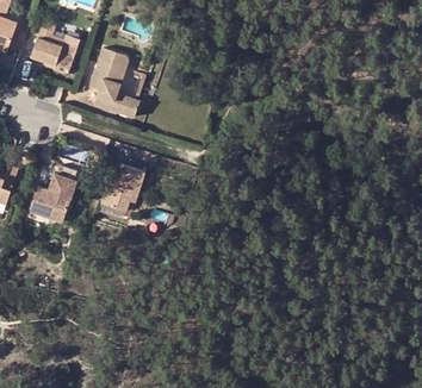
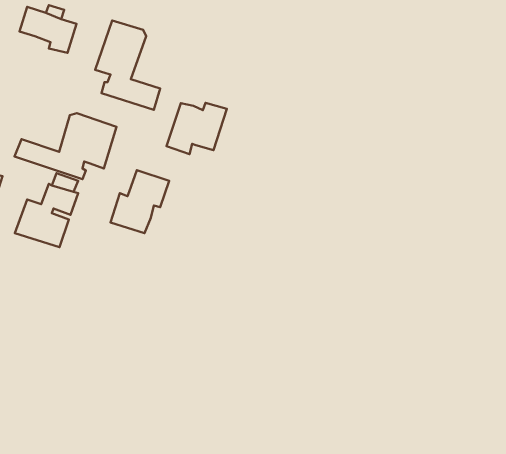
building: none -> [166,103,227,154]
building: none -> [15,113,116,179]

